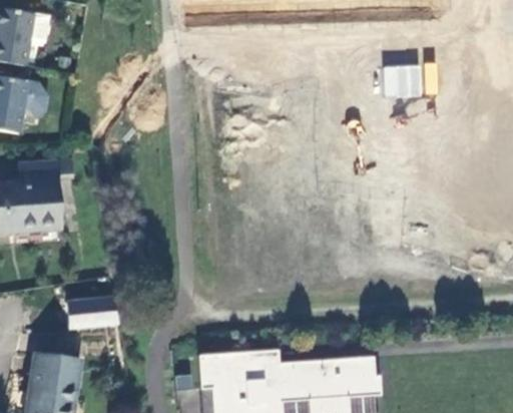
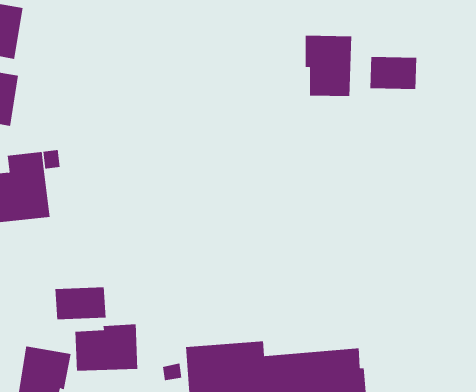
building: none -> [305,35,352,97]
building: none -> [75,323,138,371]

